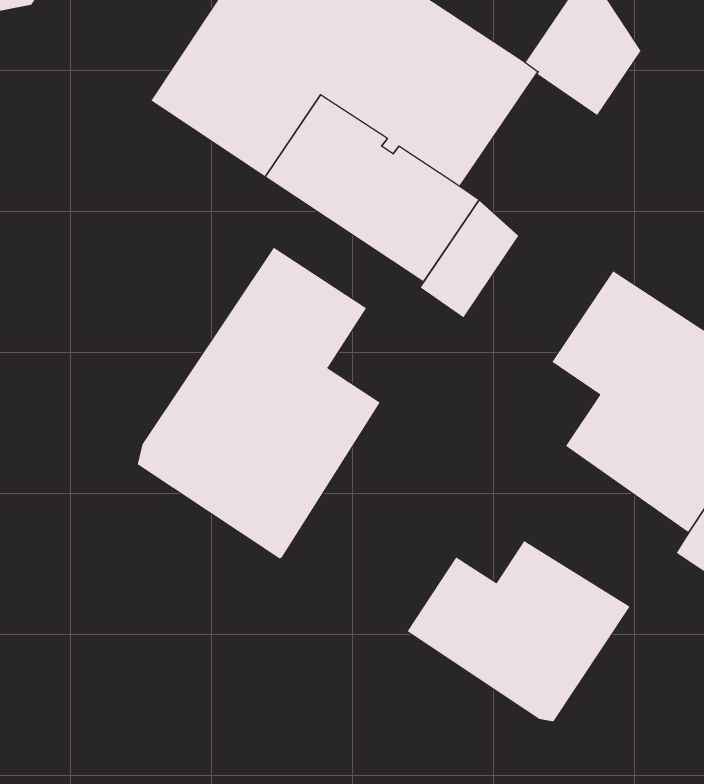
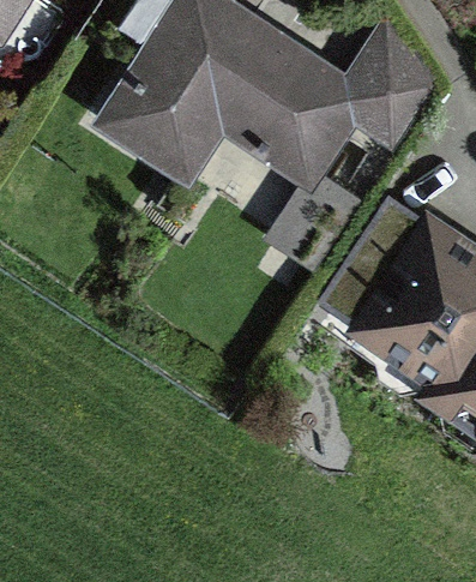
building: [137,247,380,559] -> none
building: [407,540,630,722] -> none

